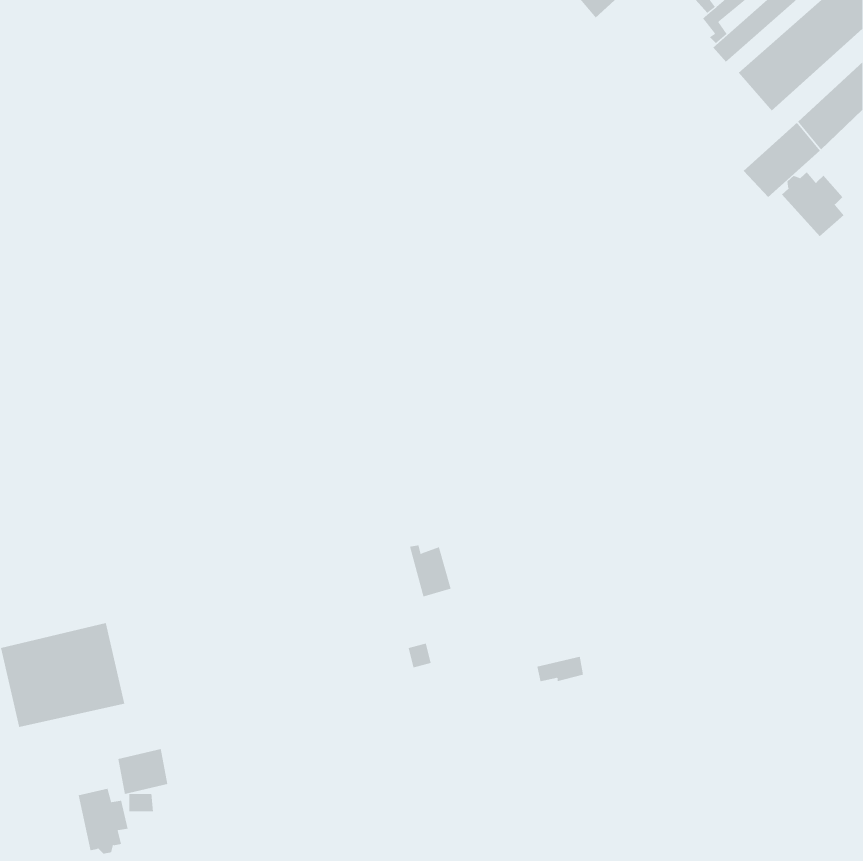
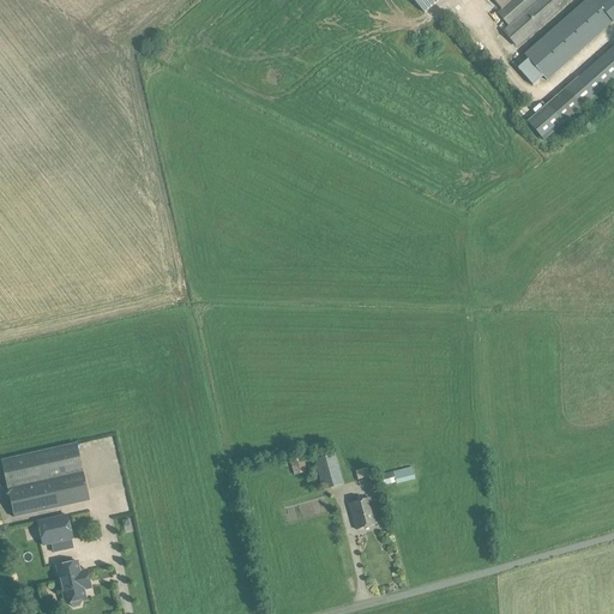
building: [781,171,844,237] -> none
building: [409,545,451,597] -> [312,451,342,488]
building: none -> [348,495,375,528]
building: [118,749,168,794] -> [36,512,72,544]

